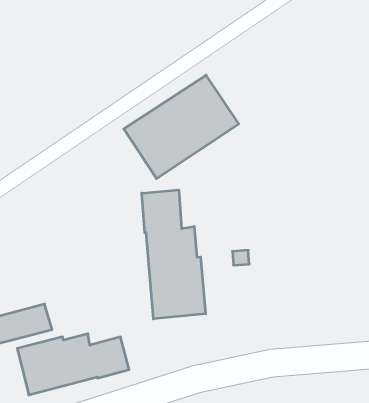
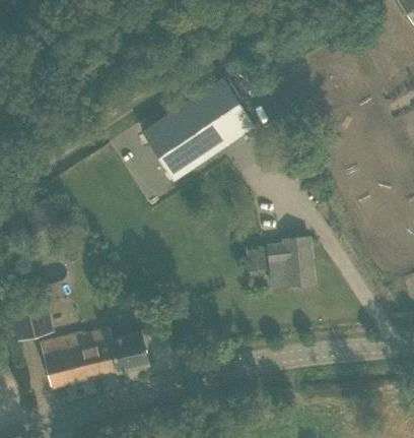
building: [142,190,206,319] -> none
building: none -> [267,236,313,287]

